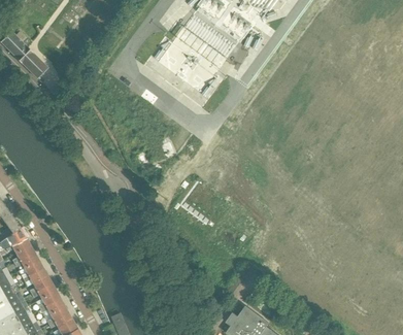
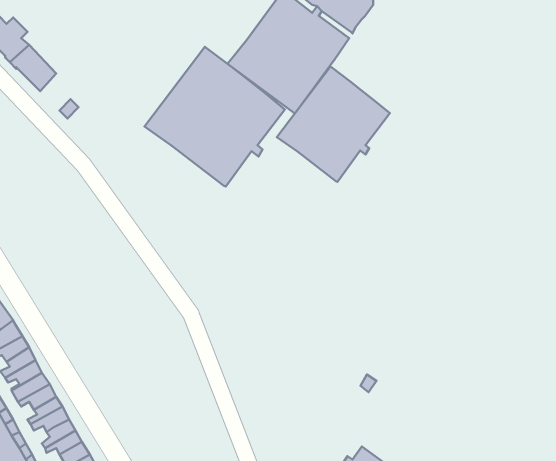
building: none -> [144,47,285,187]
building: none -> [277,67,390,182]

